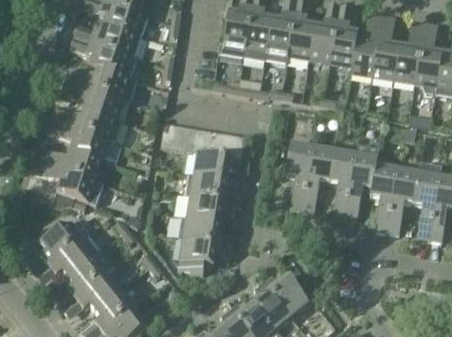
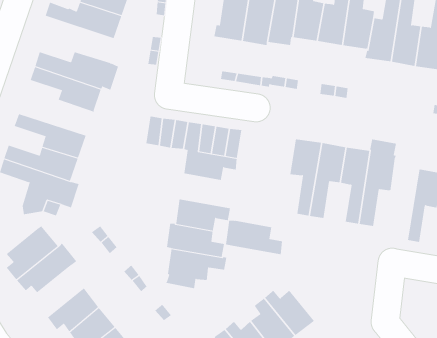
building: [70,37,138,78] -> none
building: [51,108,122,142] -> none
building: [372,161,399,232] -> none
building: [186,174,236,204] -> [225,220,283,255]
building: [67,256,108,299] -> none

